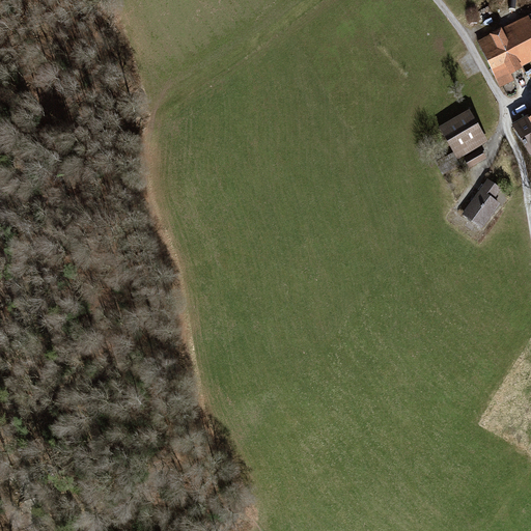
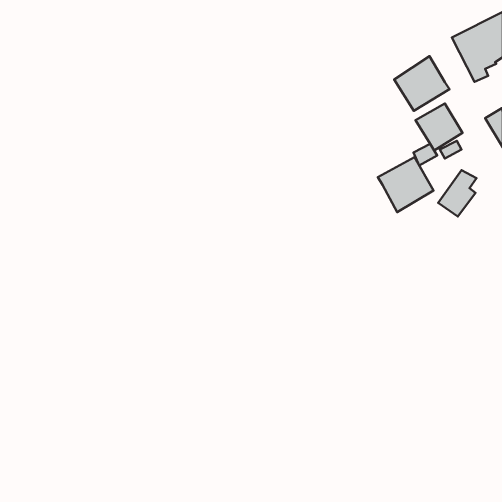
building: none -> [394,56,450,111]
building: none -> [378,157,434,212]

